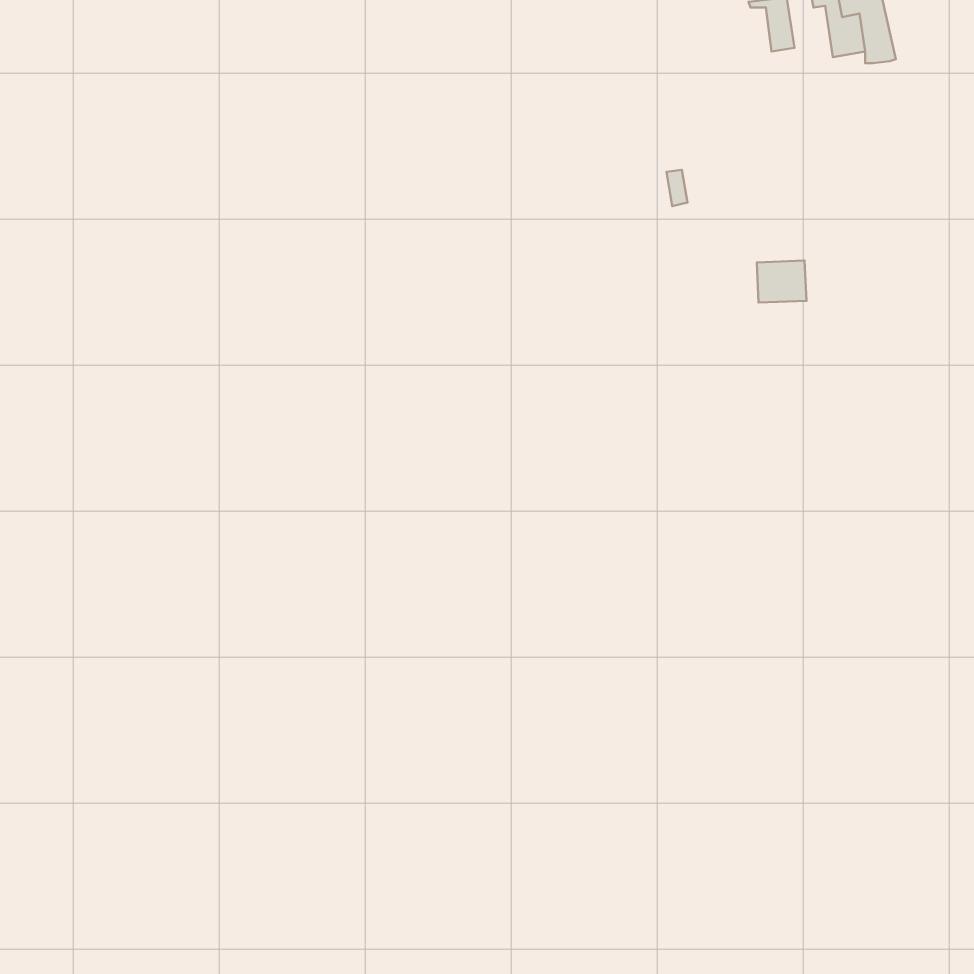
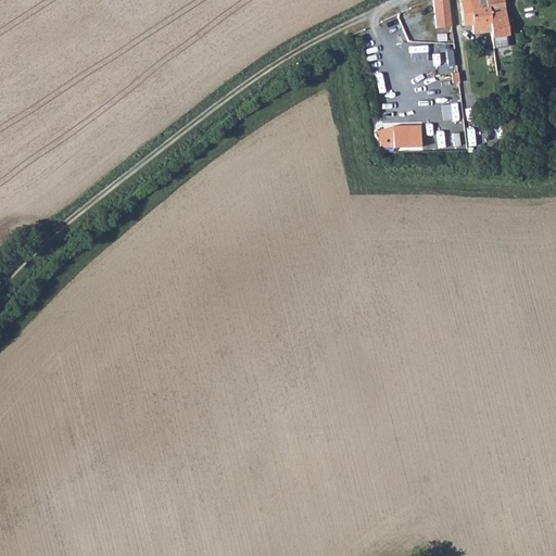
building: [757,261,806,303] -> [392,125,420,149]

